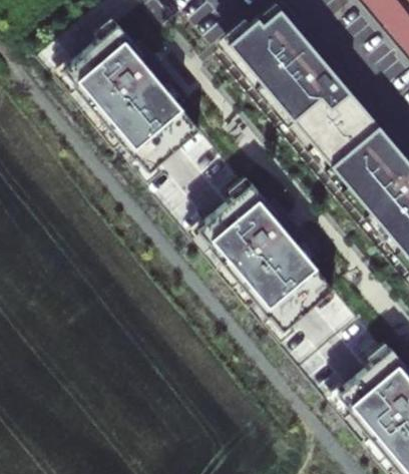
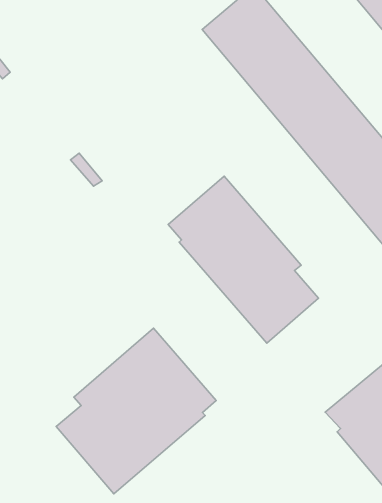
building: [65,22,206,174] -> none
building: none -> [56,328,216,494]

